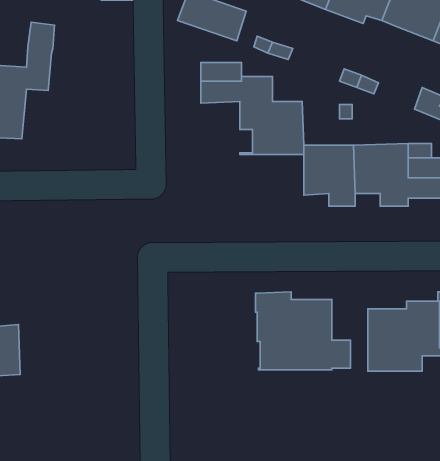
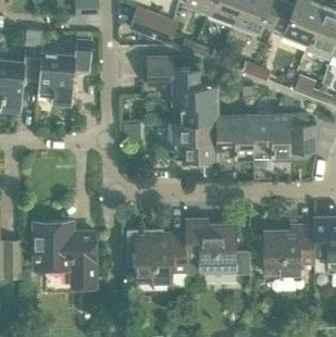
building: none -> [37,32,92,103]
building: none -> [173,122,217,165]
building: none -> [33,221,95,285]
building: none -> [126,228,187,282]

